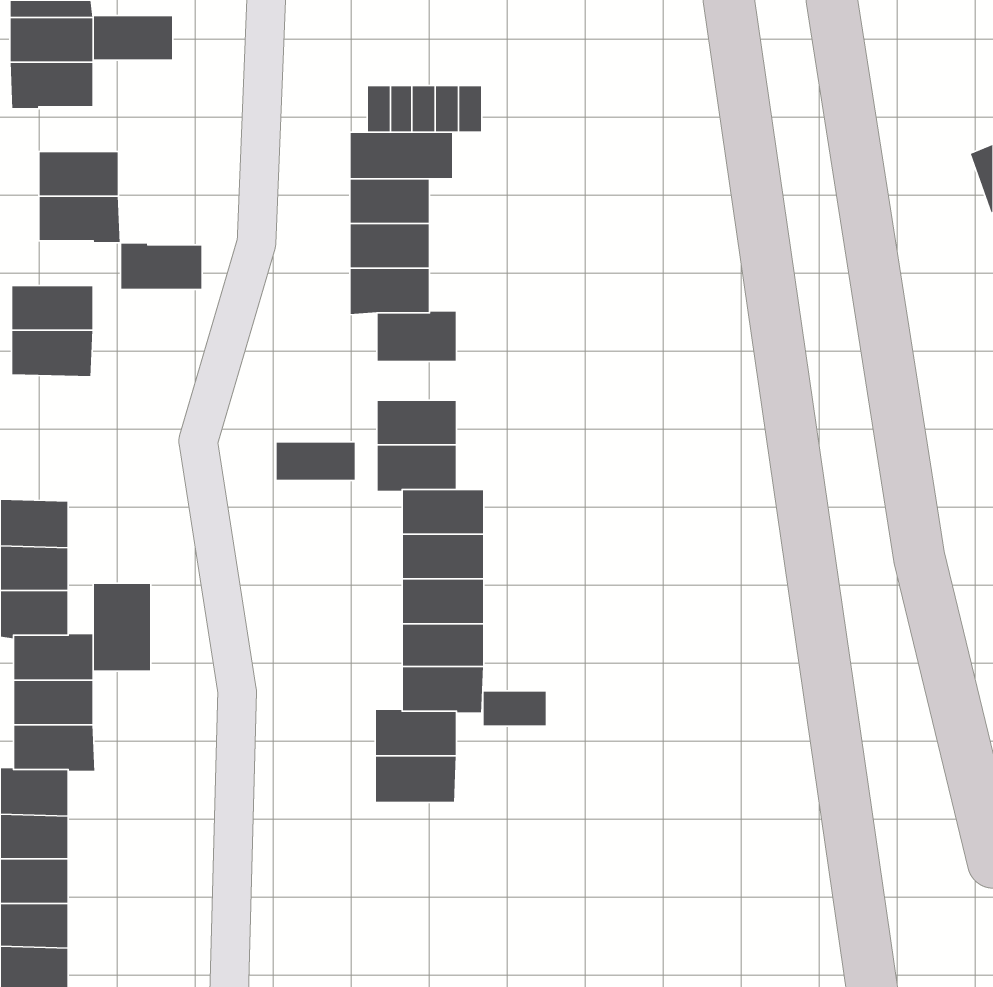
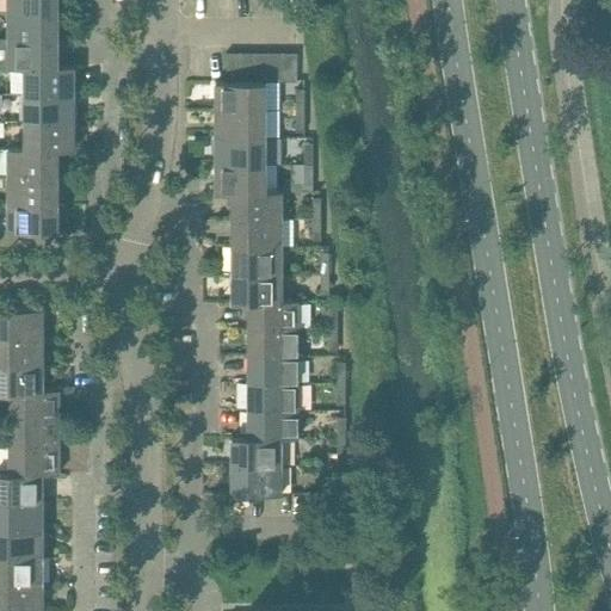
building: [93,16,173,60] -> [24,69,73,97]
building: [120,243,202,289] -> [7,150,57,179]
building: [276,442,355,481] -> [232,226,280,249]
building: [93,583,151,671] -> none
building: [483,691,546,726] -> none

